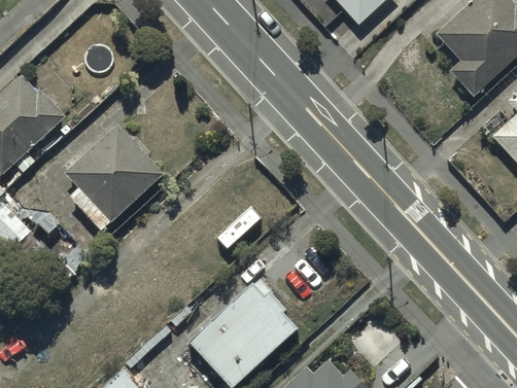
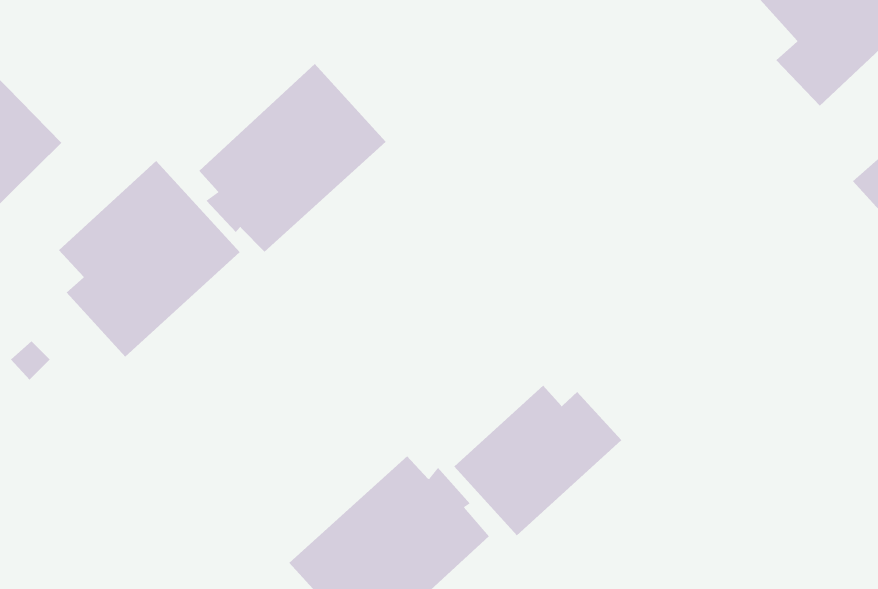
building: none -> [198,63,387,253]
building: none -> [453,385,622,536]

